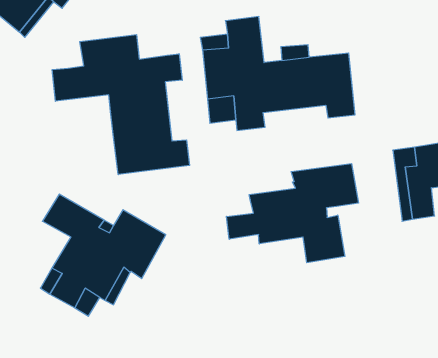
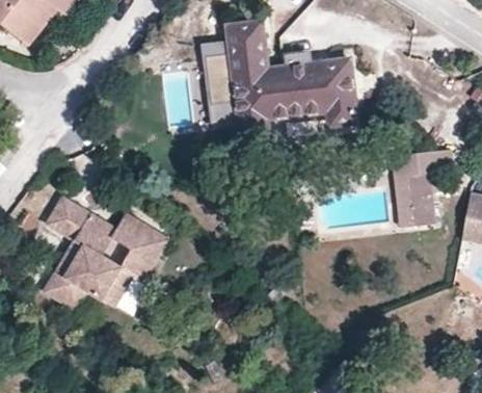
building: [52,35,190,175] -> none
building: [226,164,358,263] -> none

